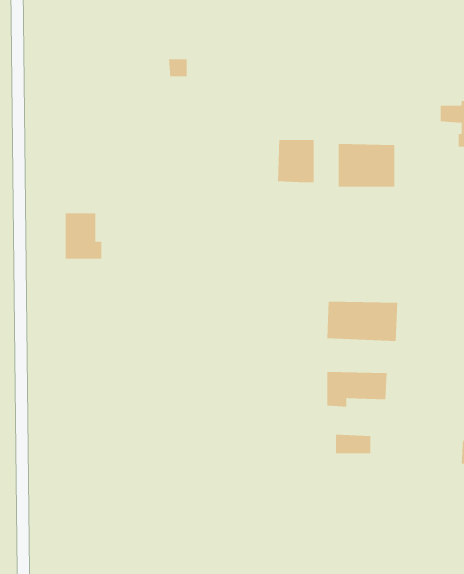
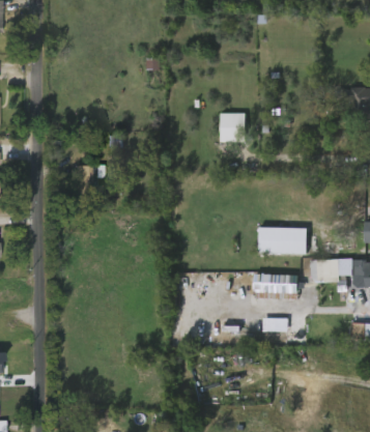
building: [338,143,395,188] -> none
building: none -> [312,259,342,283]

